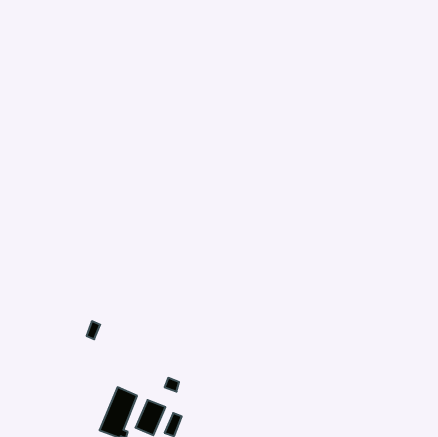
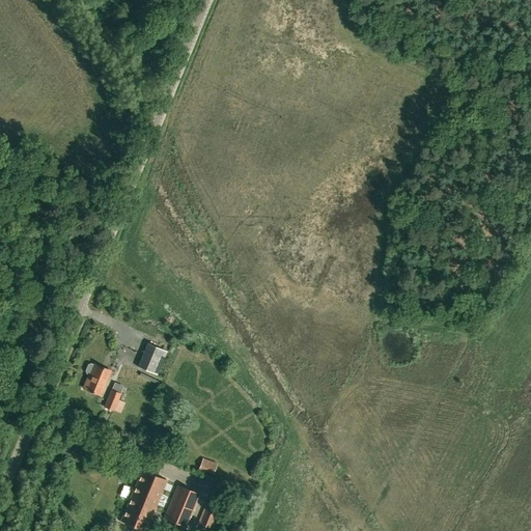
building: none -> [138,344,168,375]
building: none -> [84,364,110,395]

